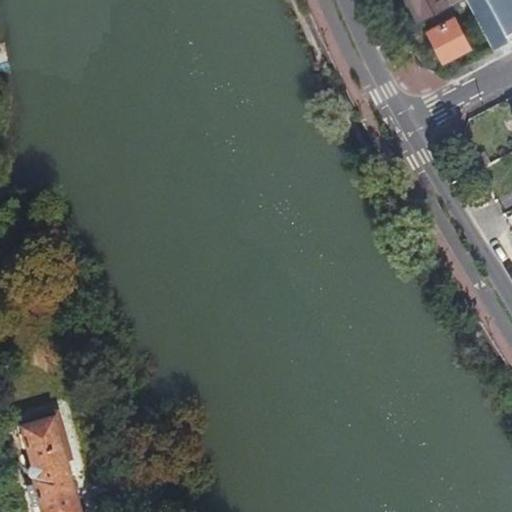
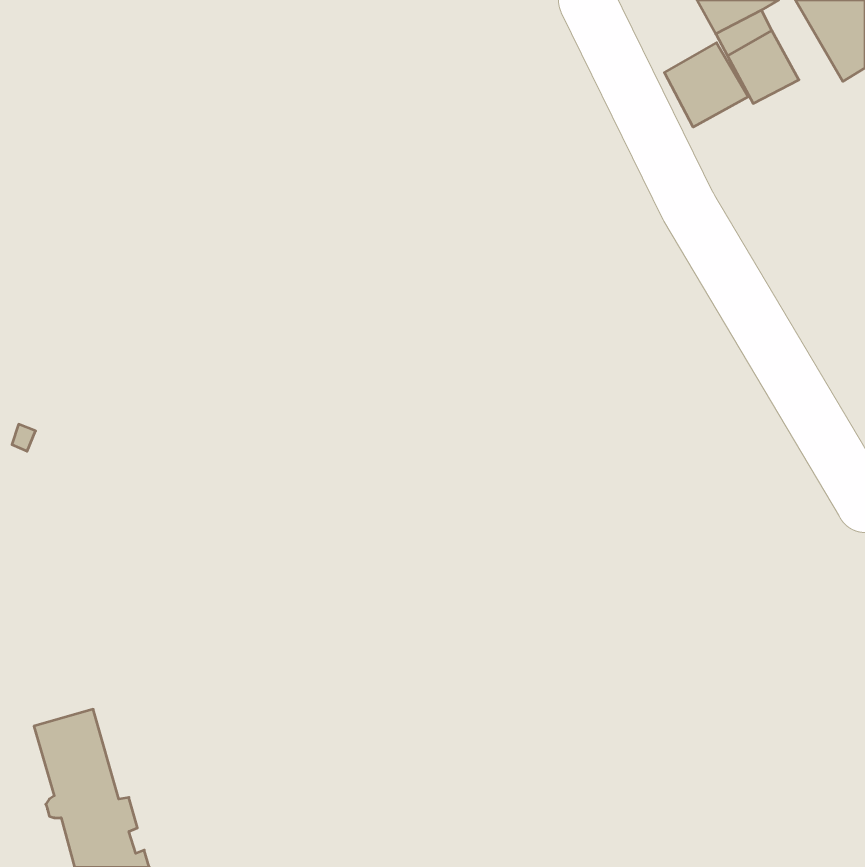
building: none -> [664,43,748,127]

